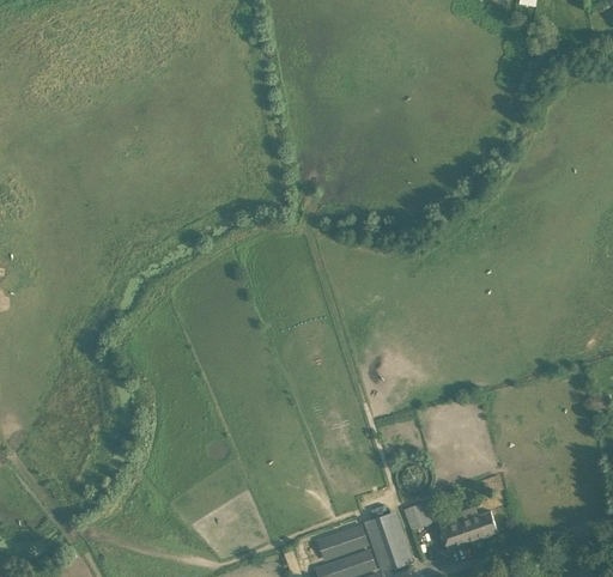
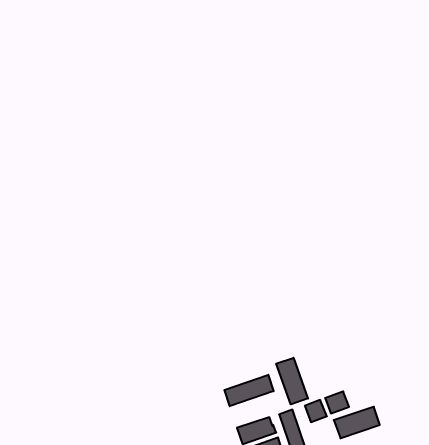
building: none -> [276,358,308,404]
building: none -> [224,375,274,406]

